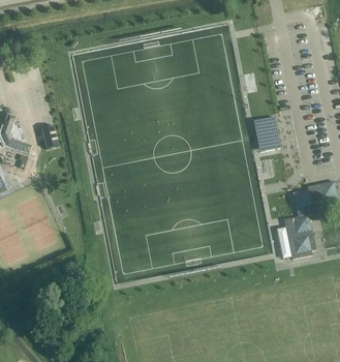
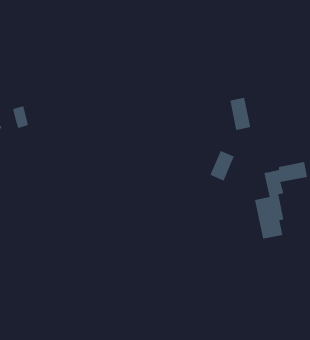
building: none -> [210,150,234,181]

